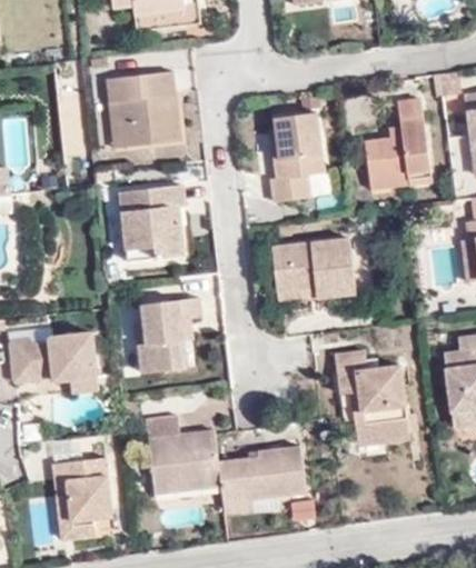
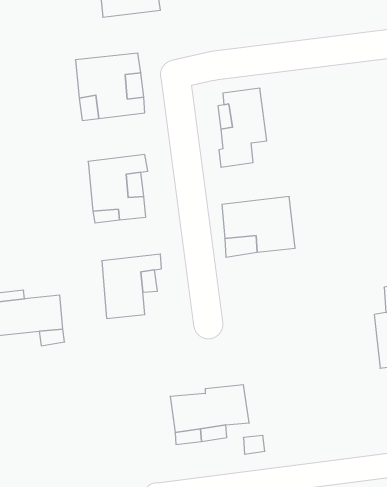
building: [363,93,433,187] -> none
building: [338,352,414,442] -> none
building: [141,415,217,492] -> none
building: [46,467,106,547] -> none

